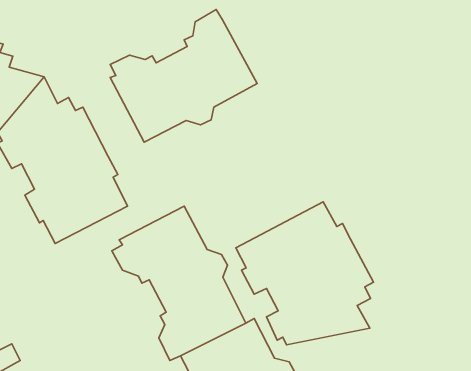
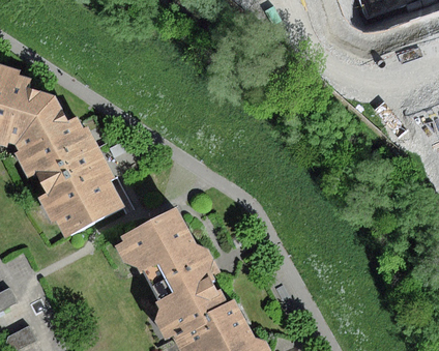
building: [110,10,257,142] -> none
building: [236,202,373,345] -> none

